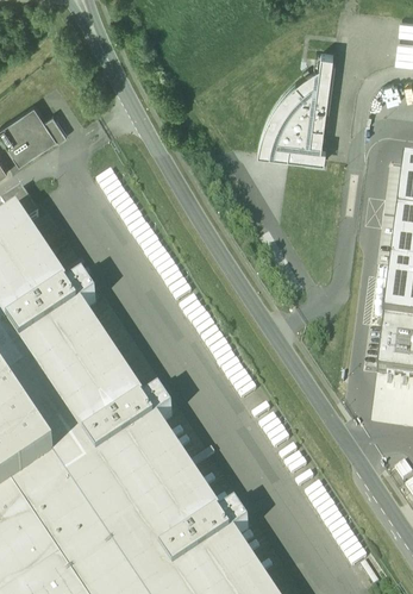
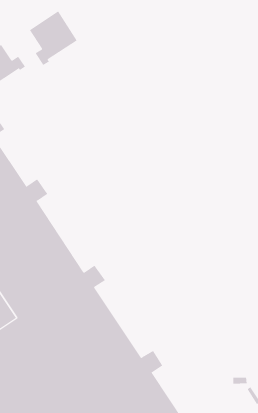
building: [258,49,334,156] -> none
building: none -> [29,11,77,66]

